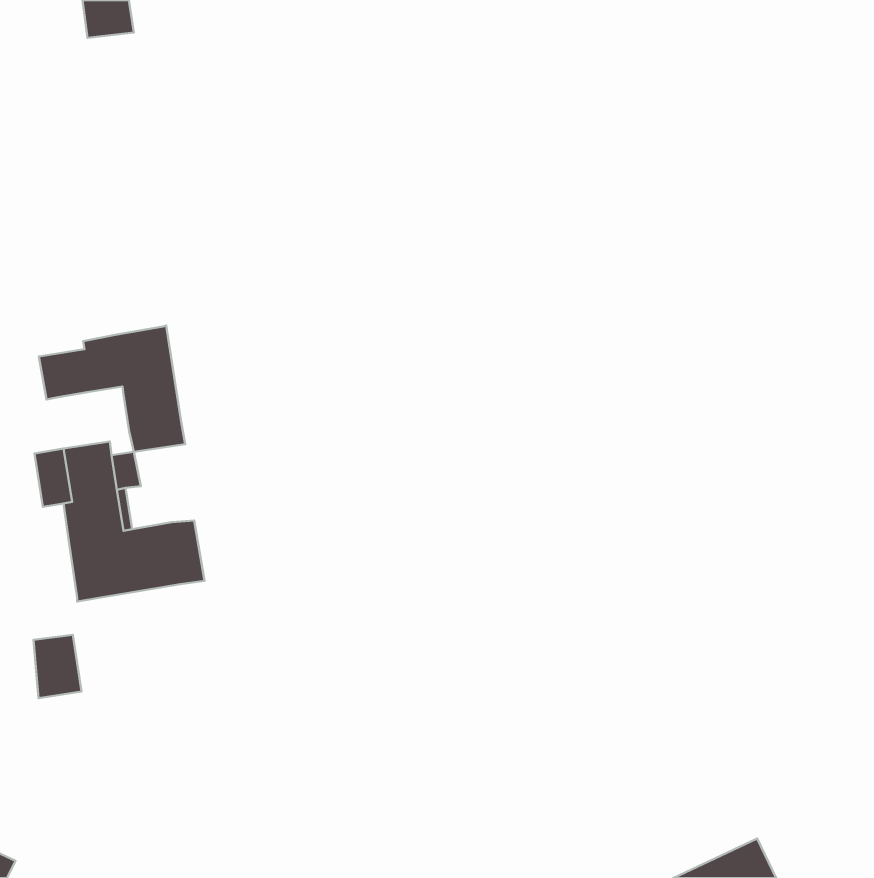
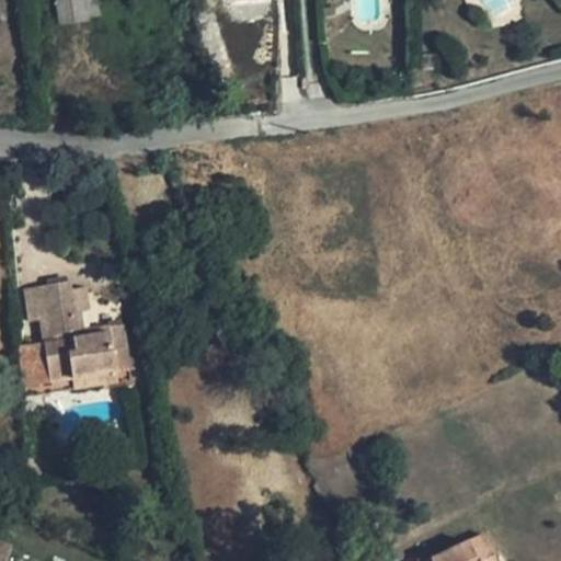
building: [39,326,185,452] -> none
building: [33,635,82,698] -> [19,345,49,386]

